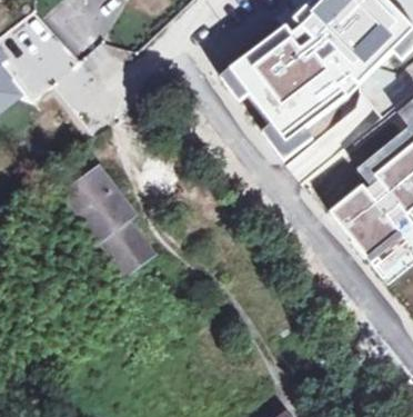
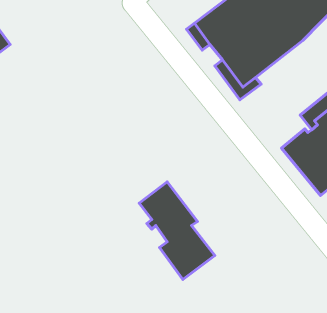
building: [66,167,152,279] -> [139,182,215,280]

